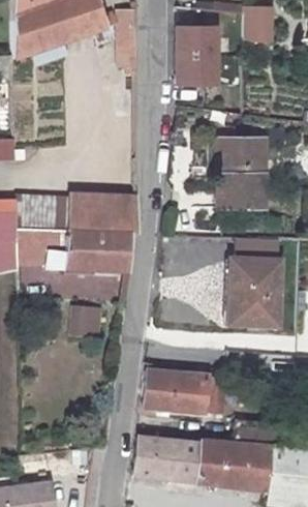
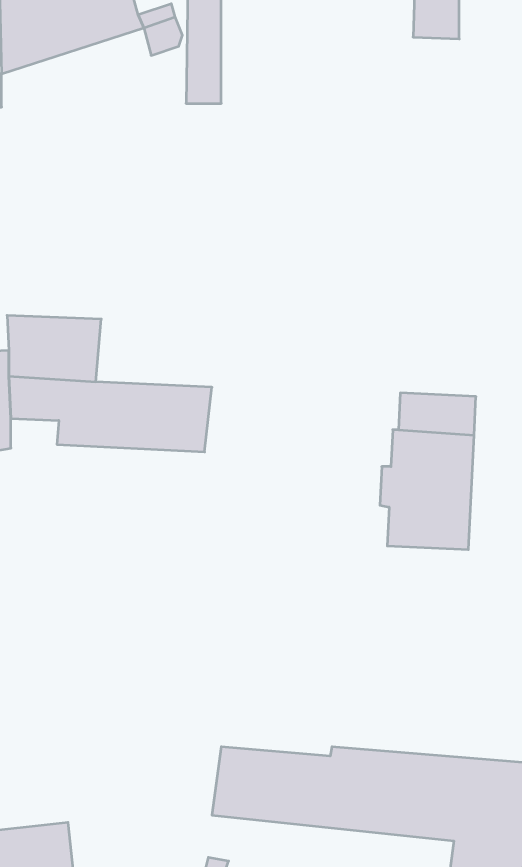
building: [176,25,216,86] -> none
building: [220,142,270,212] -> none
building: [67,196,137,234] -> none
building: [67,305,101,335] -> none
building: [142,370,226,412] -> none

